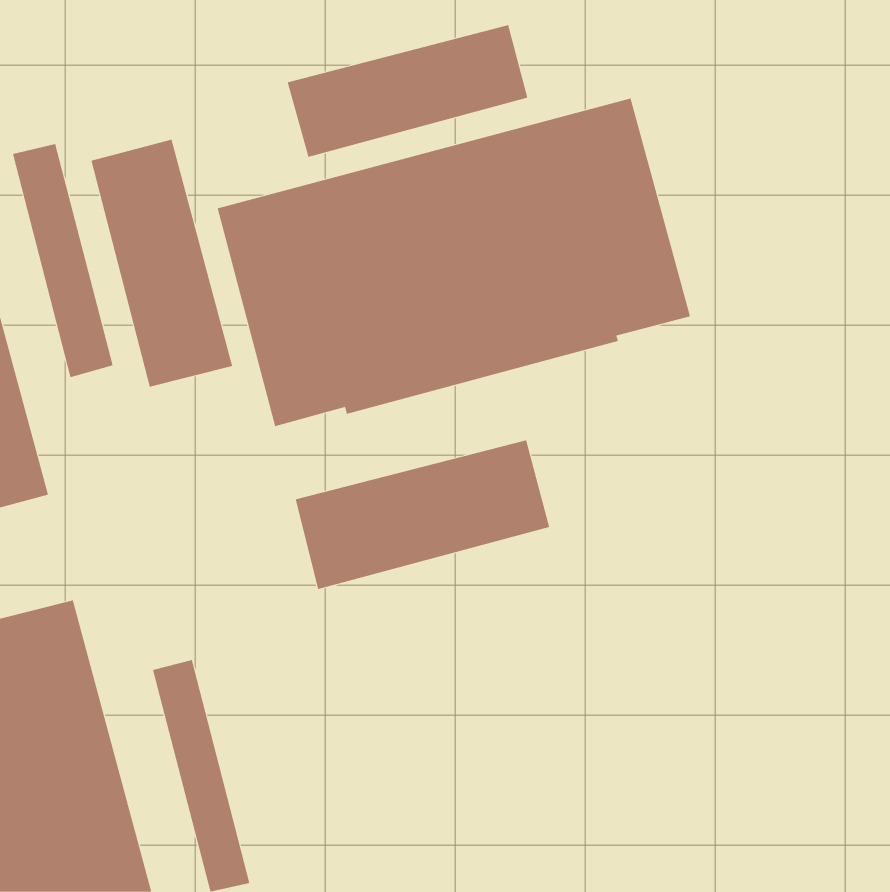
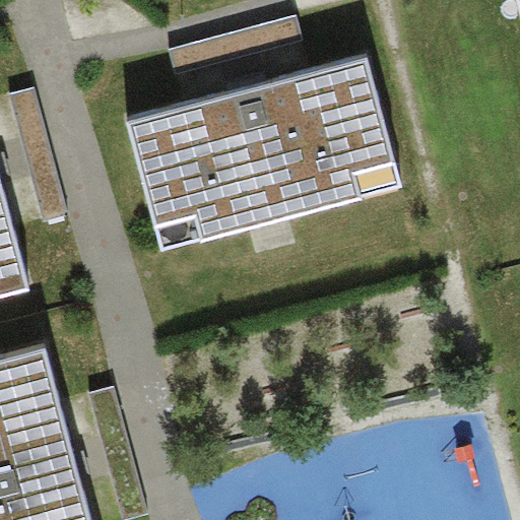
building: [91,139,233,388] -> none
building: [295,439,550,590] -> none

